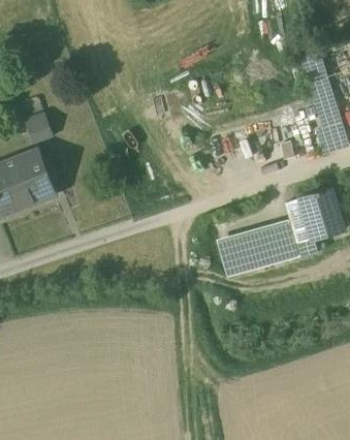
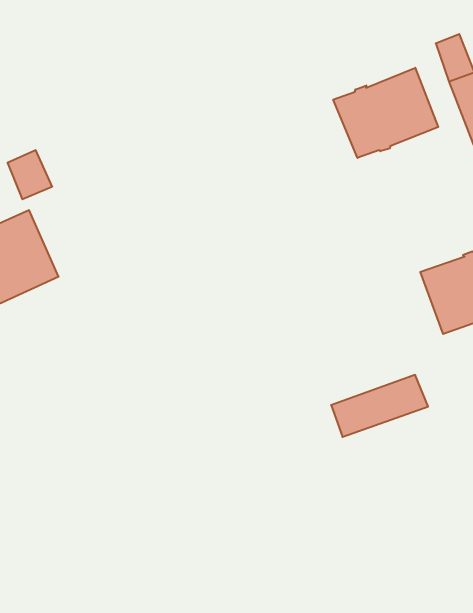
building: none -> [333,68,438,158]
building: [231,227,293,264] -> [331,375,428,437]

